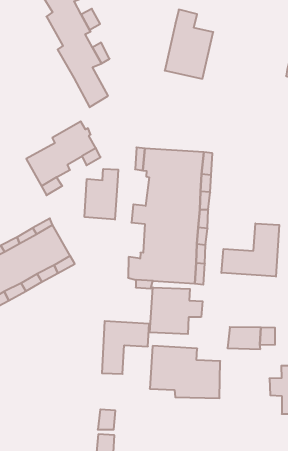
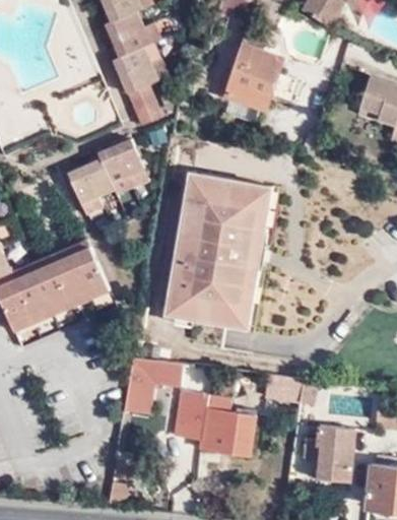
building: [85,169,118,220] -> none
building: [221,223,279,277] -> none
building: [150,287,203,334] -> none

